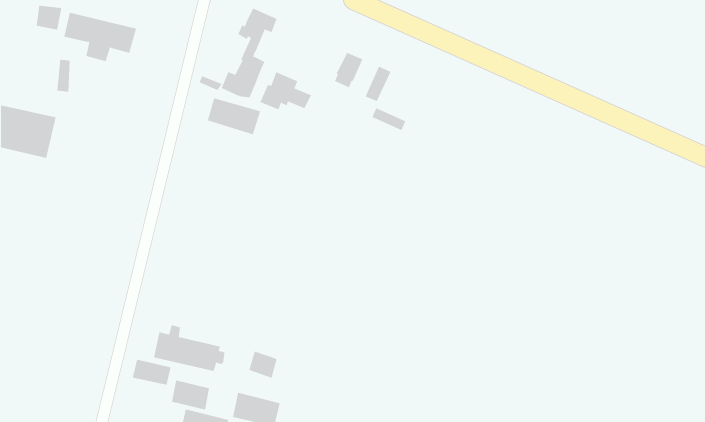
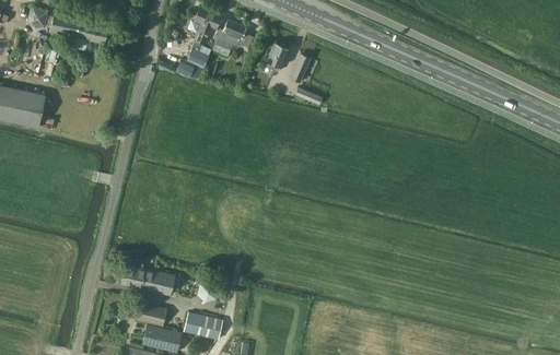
building: [259,72,312,110] -> [214,20,256,50]
building: [207,98,261,135] -> none
building: [132,359,171,386] -> none

